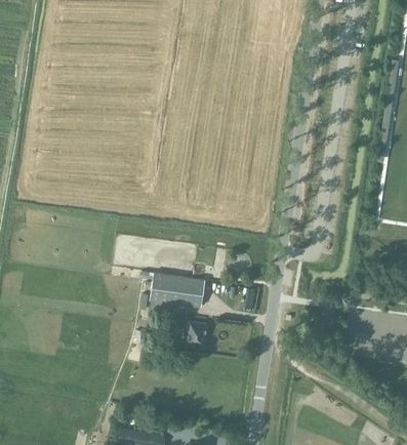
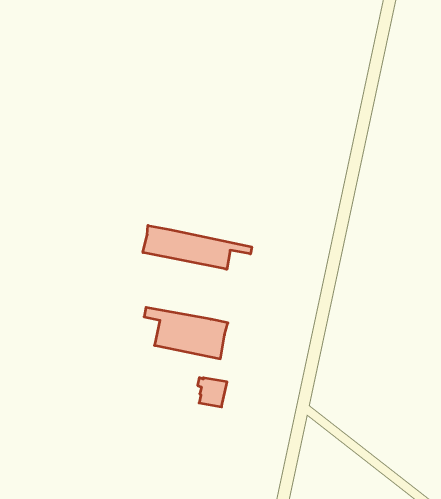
building: none -> [143,225,252,269]

